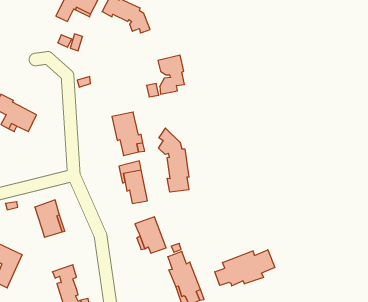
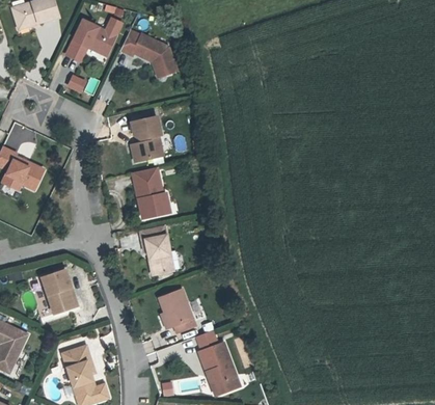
building: [158,55,185,94] -> [131,116,162,162]
building: none -> [5,124,37,154]
building: [158,128,189,192] -> none
building: [215,250,275,286] -> none

